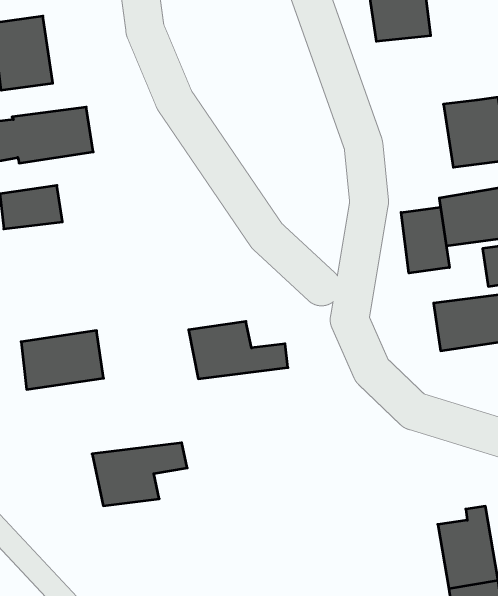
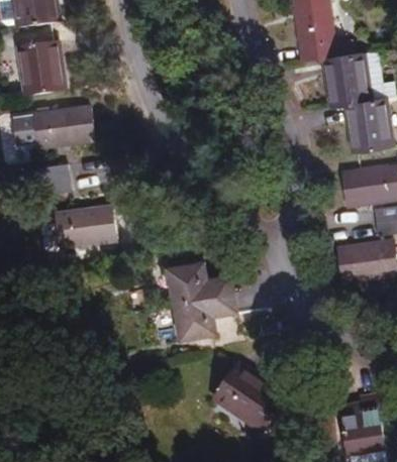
building: none -> [320,51,370,106]
building: [401,207,449,273] -> none
building: [21,331,104,389] -> [56,206,115,248]
building: [92,443,187,506] -> [169,295,237,340]
building: none -> [214,362,284,432]

